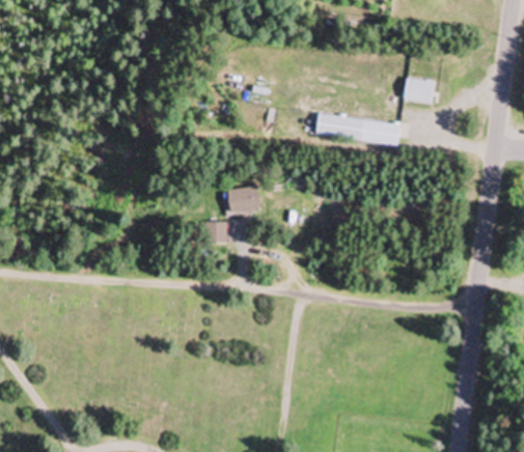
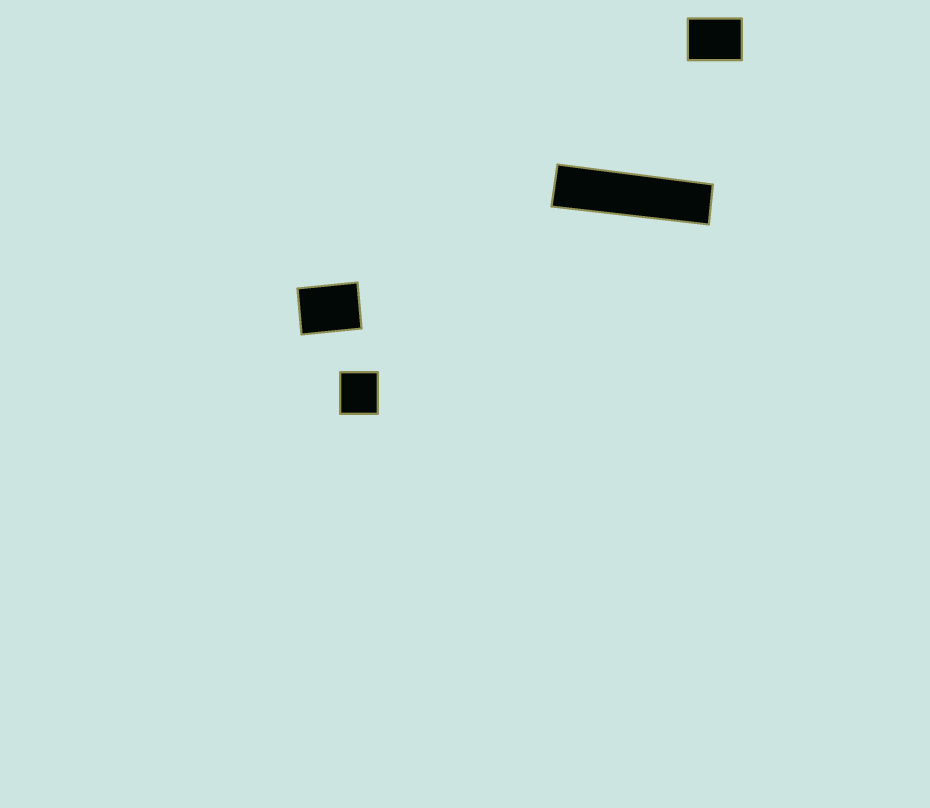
building: [405,79,433,101] -> [688,18,742,60]
building: [227,185,260,211] -> [298,283,361,334]

